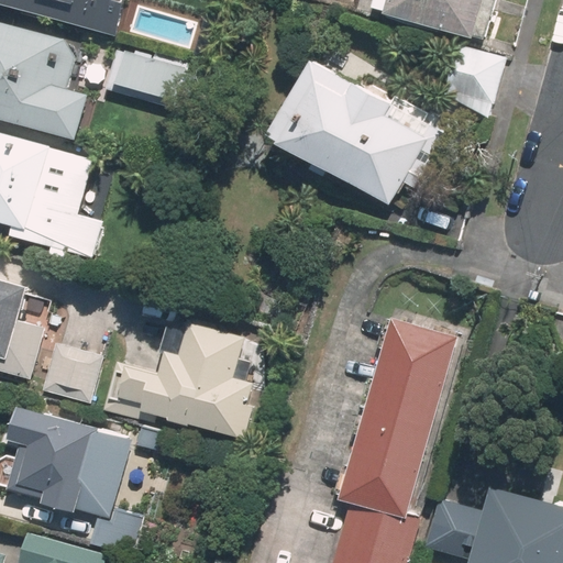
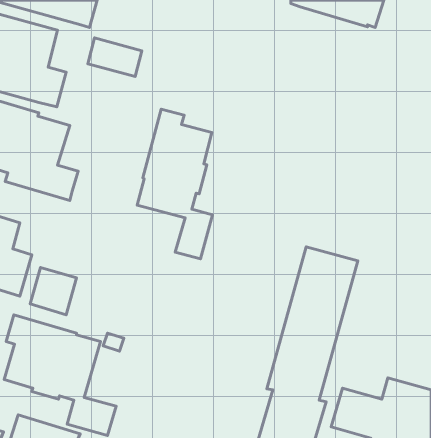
building: [444,47,498,101] -> none
building: [274,60,443,203] -> none
building: none -> [137,109,213,259]
building: [98,321,250,438] -> none

